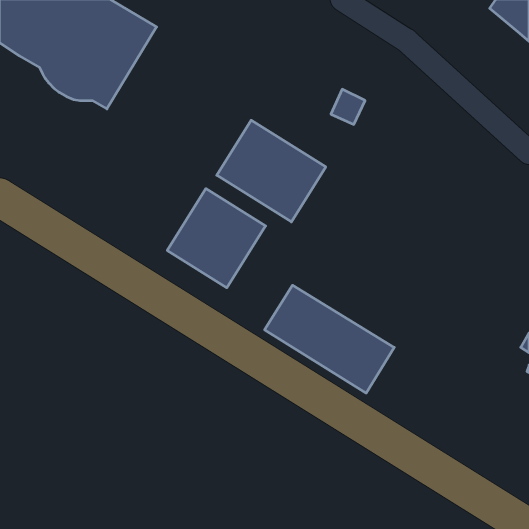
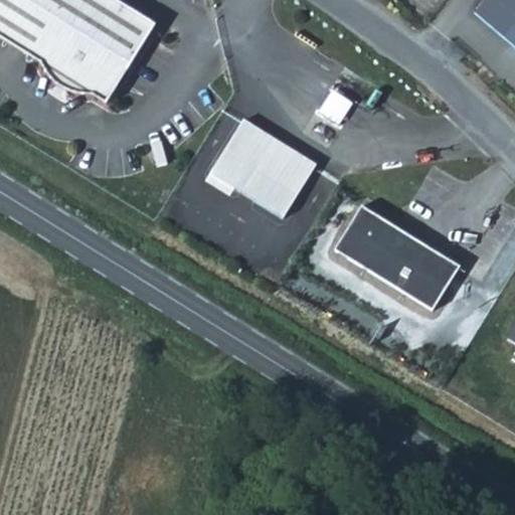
building: [167,189,266,288] -> none
building: [265,285,394,393] -> [333,205,459,310]

